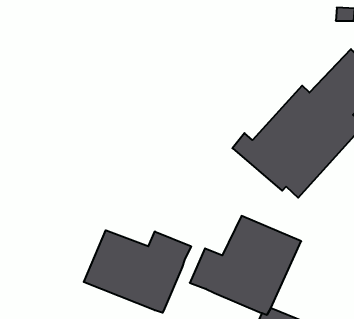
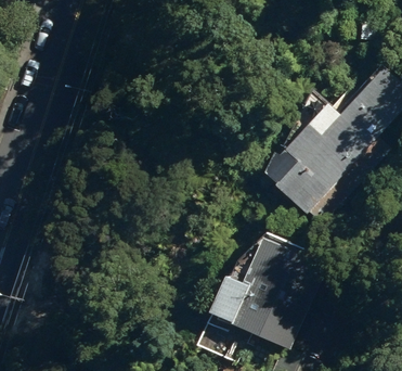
building: [84,230,191,313] -> none

